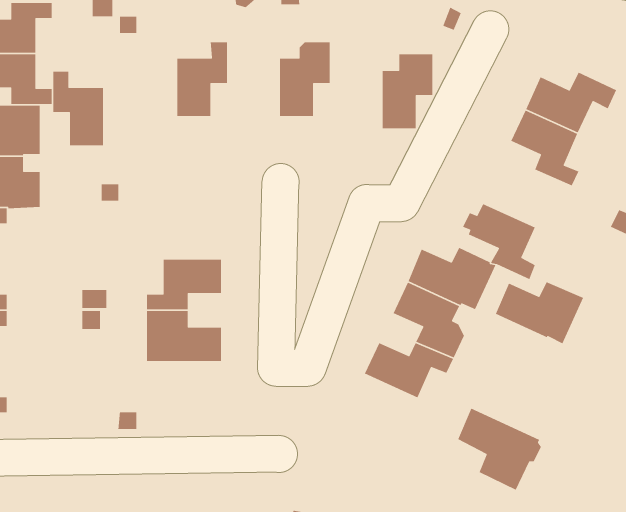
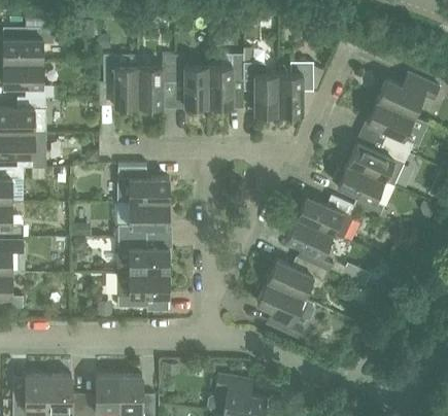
building: none -> [244,47,279,114]
building: none -> [174,55,209,106]
building: [53,71,104,146] -> [104,55,139,106]
building: none -> [118,168,170,203]
building: [495,281,584,344] -> [348,142,409,185]
building: none -> [118,273,170,308]
building: [457,408,542,491] -> [257,281,315,338]

